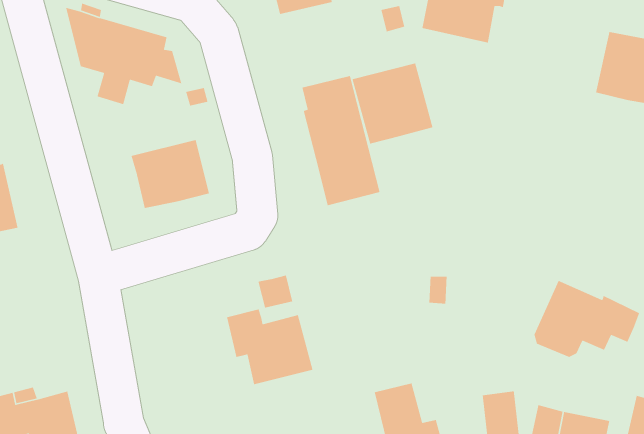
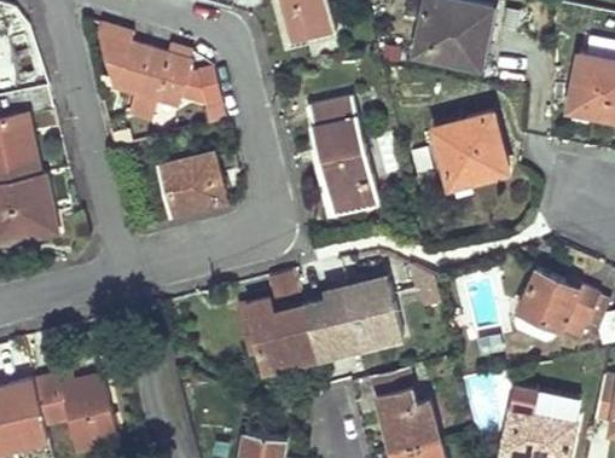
building: [352,62,434,144] -> [435,114,507,186]
building: none -> [306,286,402,356]

